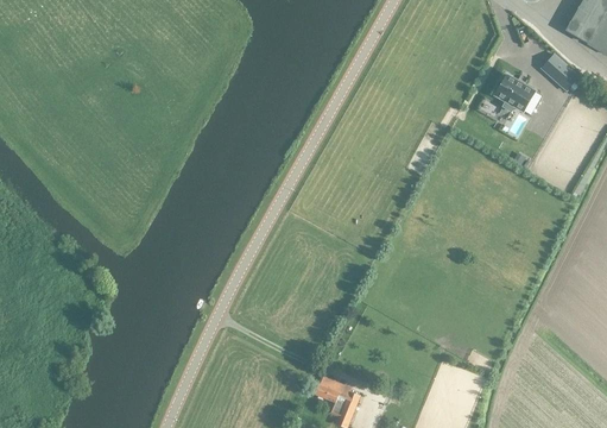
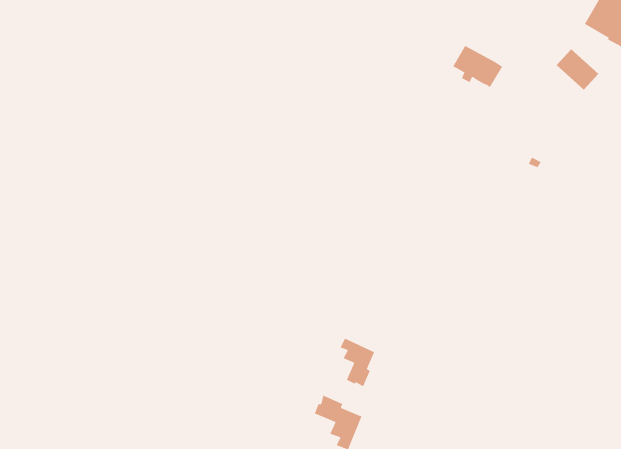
building: [494,75,542,115] -> [452,45,503,88]
building: none -> [339,337,375,387]

